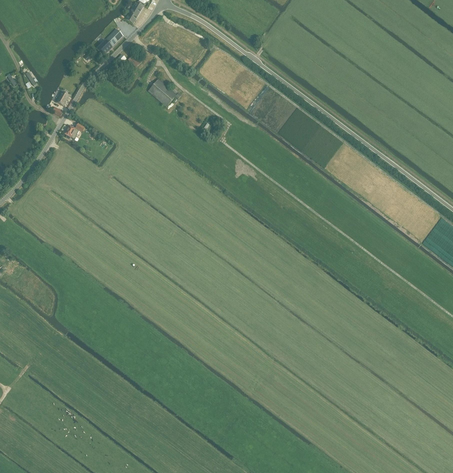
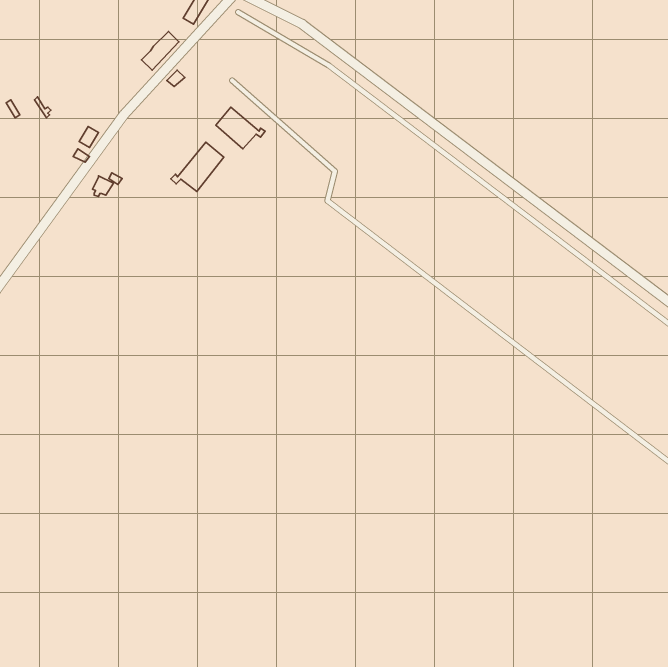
building: none -> [171,142,224,191]

